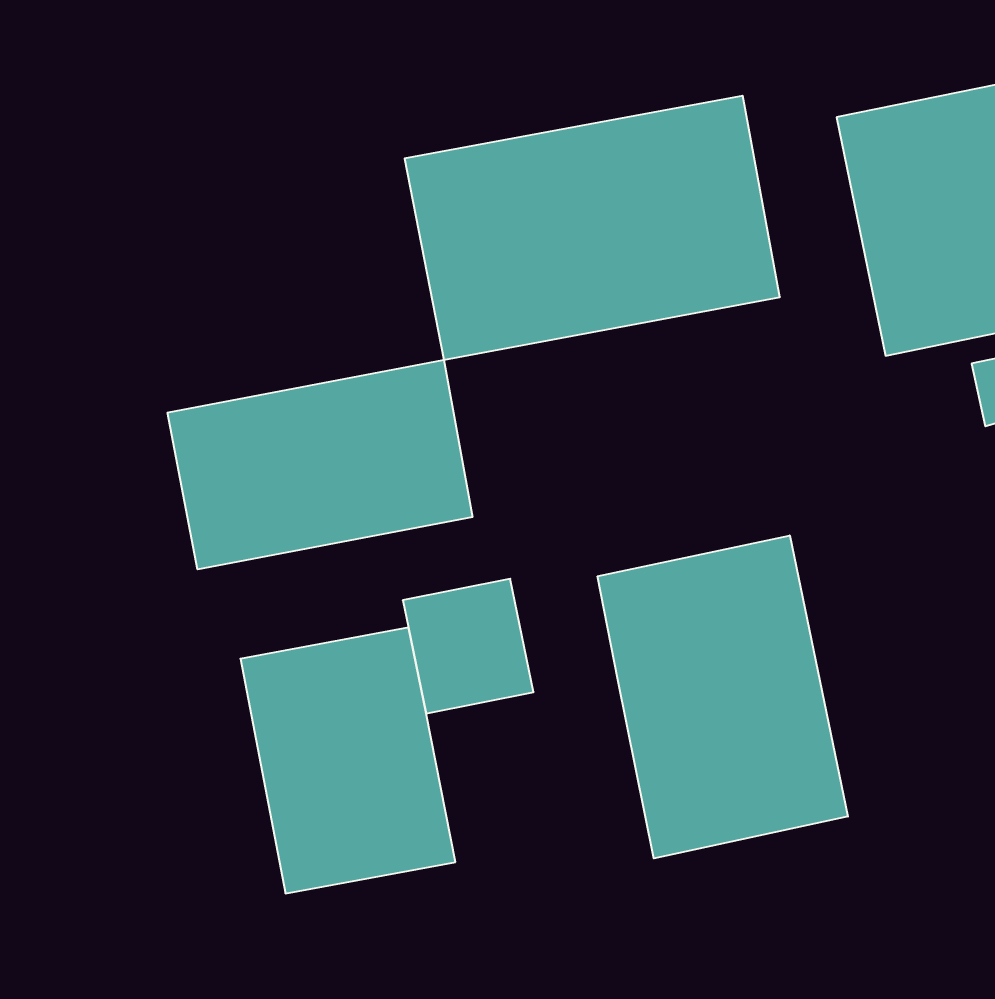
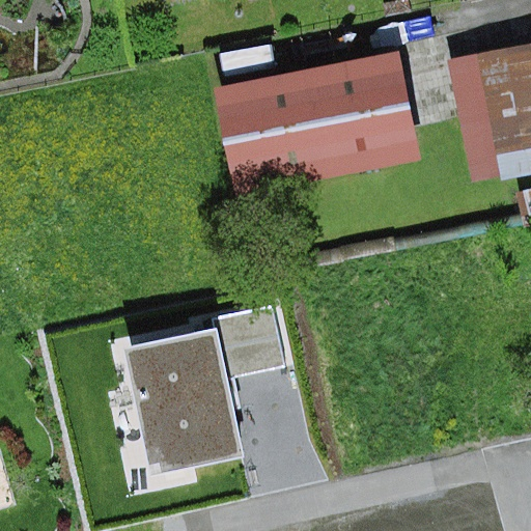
building: [168,360,472,569] -> none
building: [598,535,848,858] -> none

